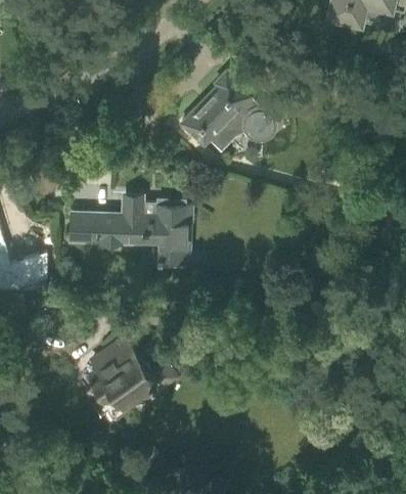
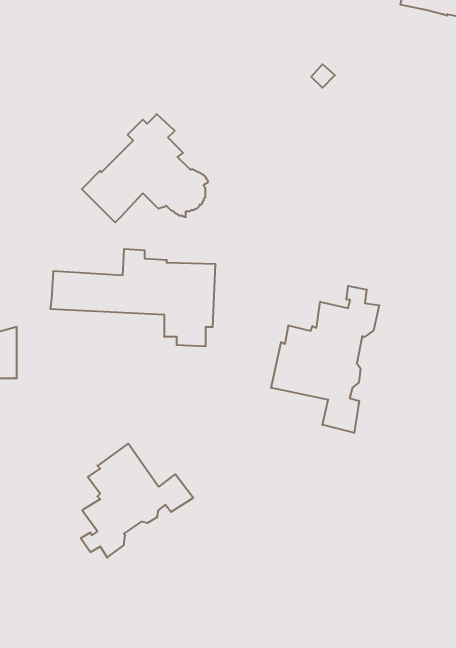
building: [179,65,272,145] -> [82,114,208,222]
building: none -> [271,286,379,433]

